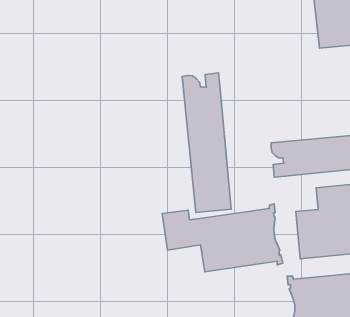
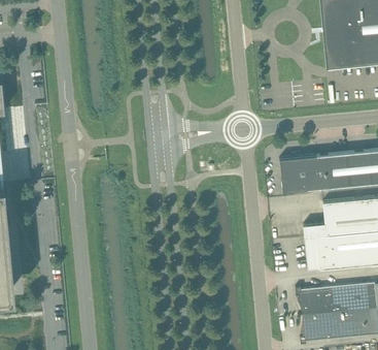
building: [182,73,231,212] -> none
building: [162,204,283,272] -> none

